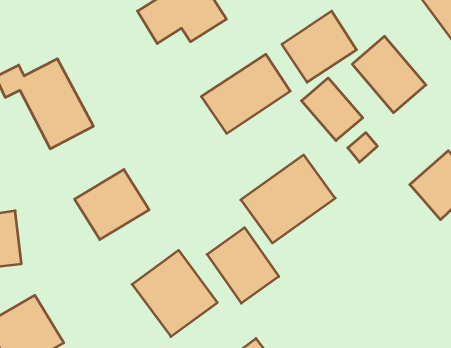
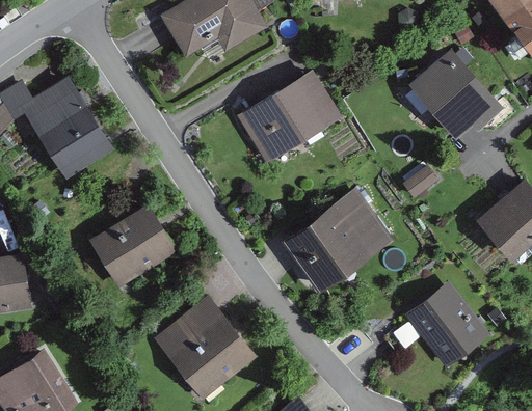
building: [282,11,357,82] -> none
building: [301,78,363,141] -> none
building: [207,228,279,303] -> none
building: none -> [406,285,486,367]

